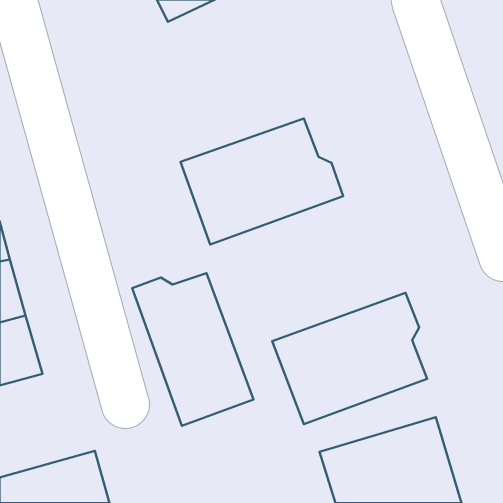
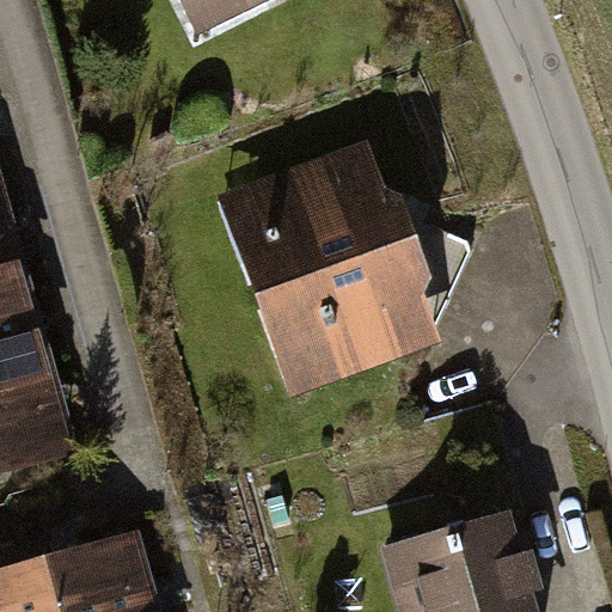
building: [132,273,253,426] -> none
building: [272,293,427,424] -> [255,238,442,397]

